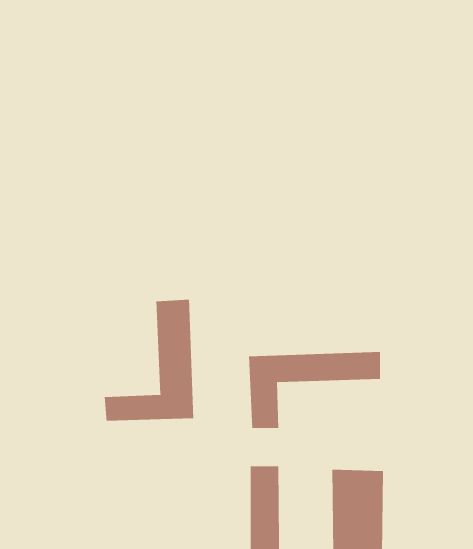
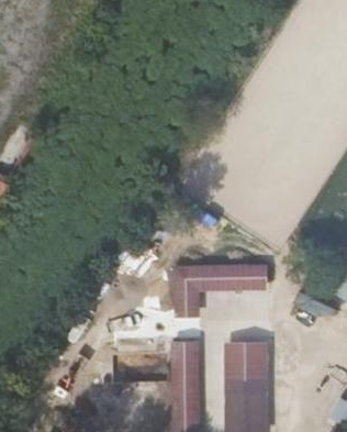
building: [104,299,194,422] -> none

